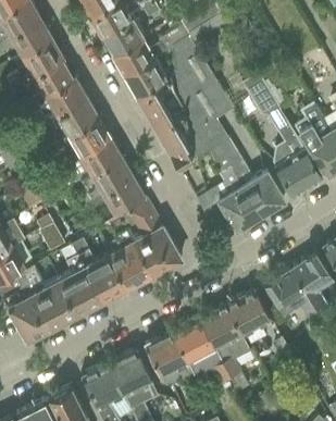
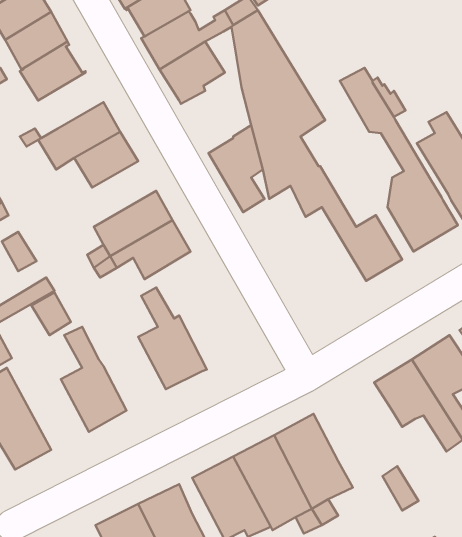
building: [43,77,87,114] -> none
building: [138,82,185,131] -> none
building: [65,136,122,182] -> none
building: [203,166,261,239] -> none
building: [121,200,182,274] -> none
building: [73,238,128,301] -> none
building: [23,267,77,327] -> none
building: [226,289,271,335] -> none

